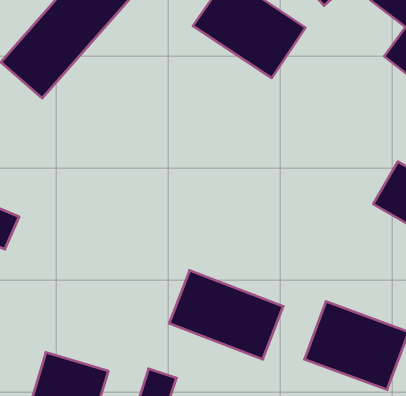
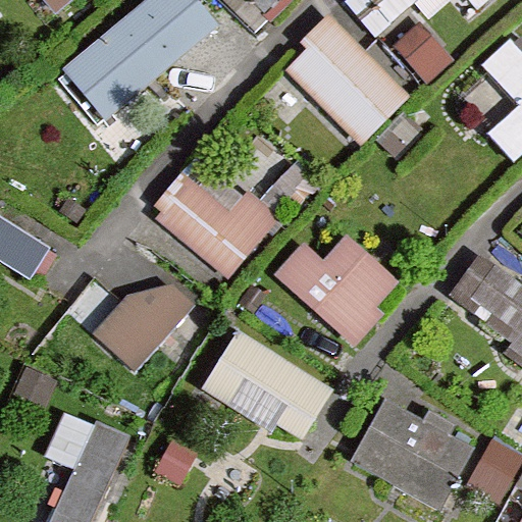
building: none -> [146,171,274,277]
building: none -> [270,229,401,337]
building: none -> [96,284,197,372]

